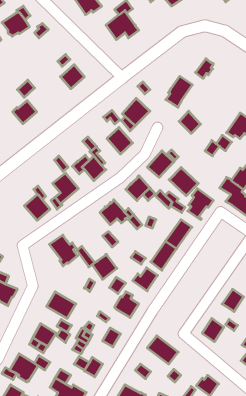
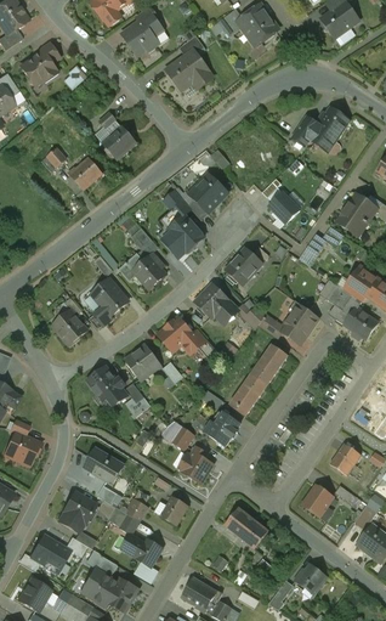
building: [166,76,192,107] -> [311,107,348,151]
building: [13,101,37,124] -> [68,157,102,190]
building: [169,167,198,196] -> none
building: [92,254,117,279] -> [125,344,160,379]

